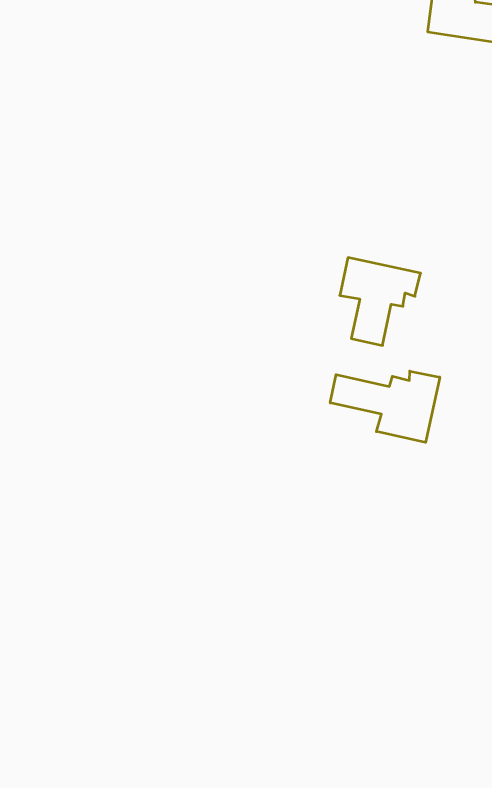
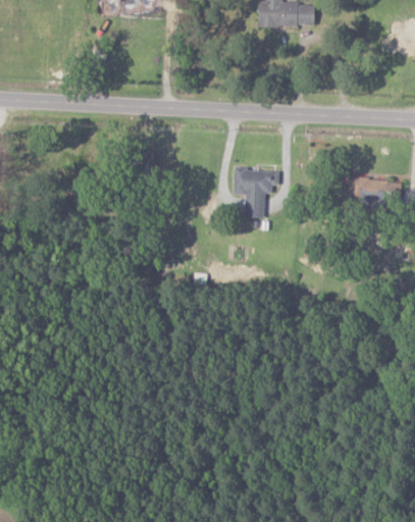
building: [330,371,440,442] -> none

